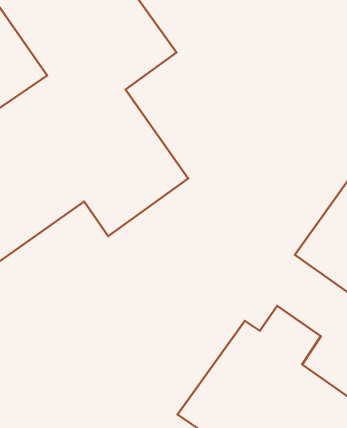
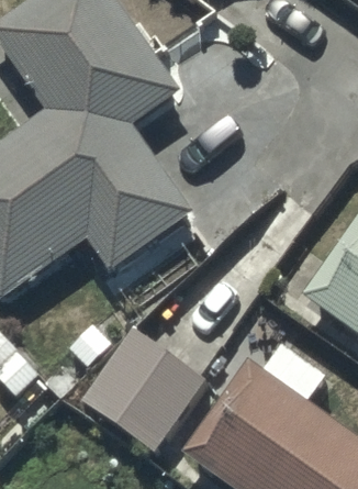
building: none -> [81,330,205,453]

